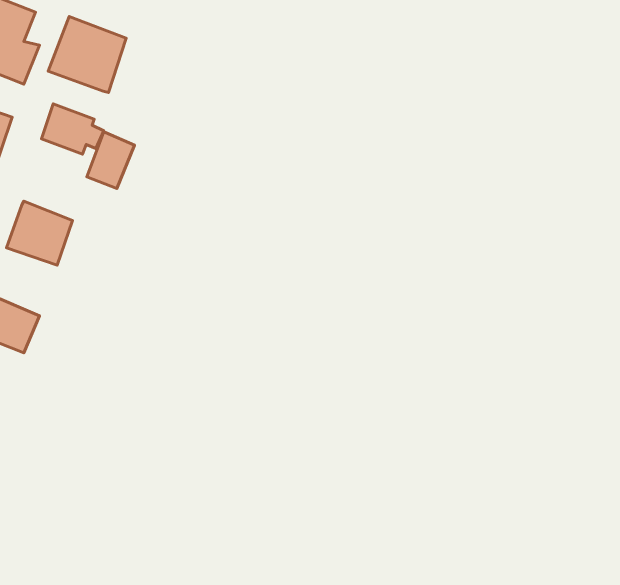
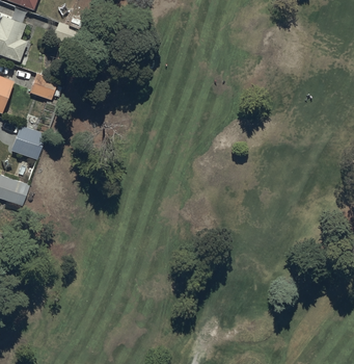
building: [48,16,126,93] -> none
building: [87,133,135,188] -> none

